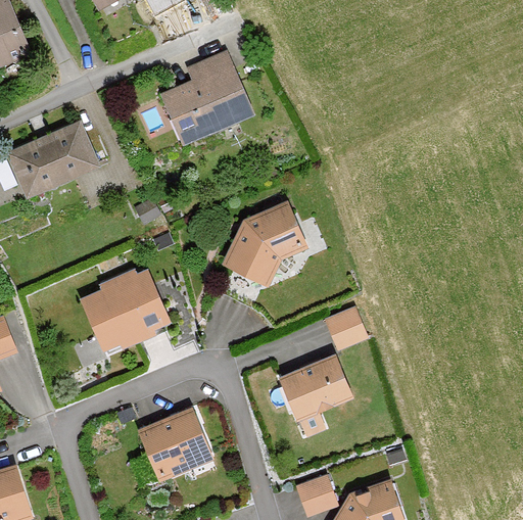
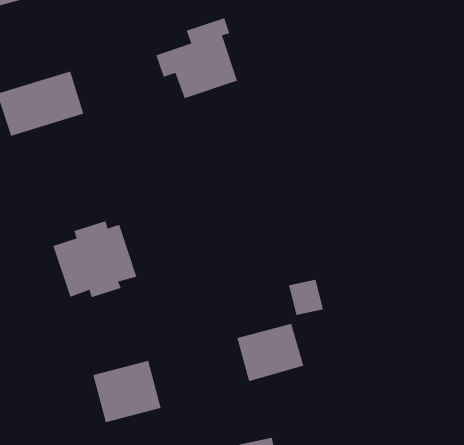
building: [220,200,307,284] -> none

